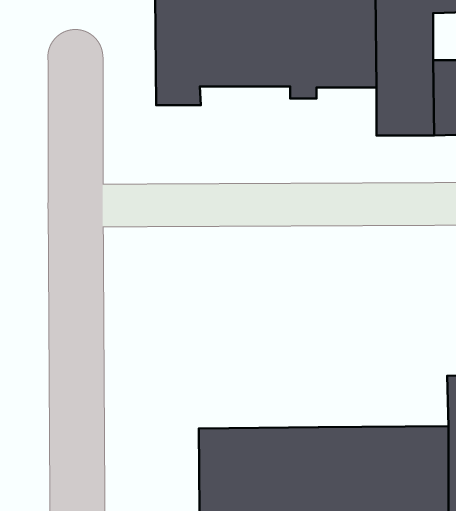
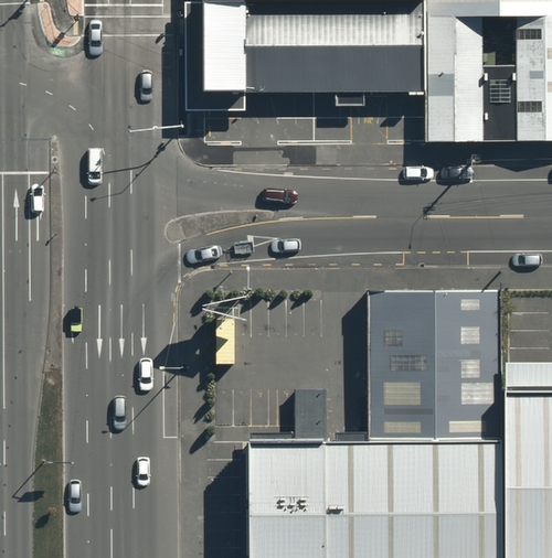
building: none -> [368,296,500,438]

